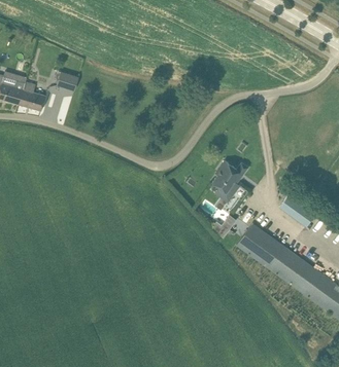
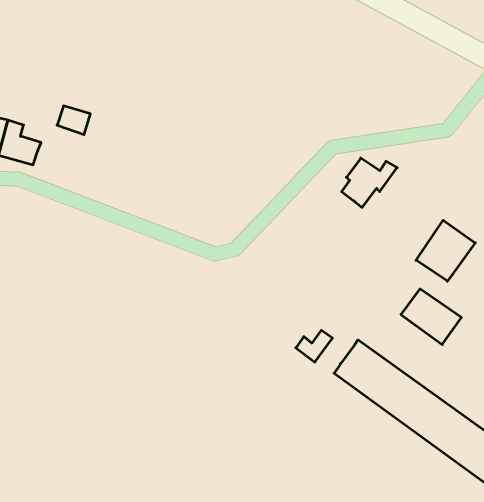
building: none -> [416,220,475,281]
building: [212,160,248,192] -> [342,158,397,207]

